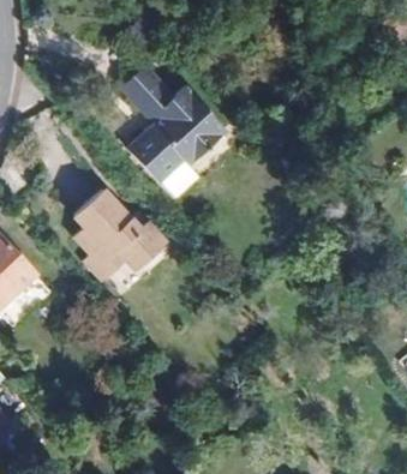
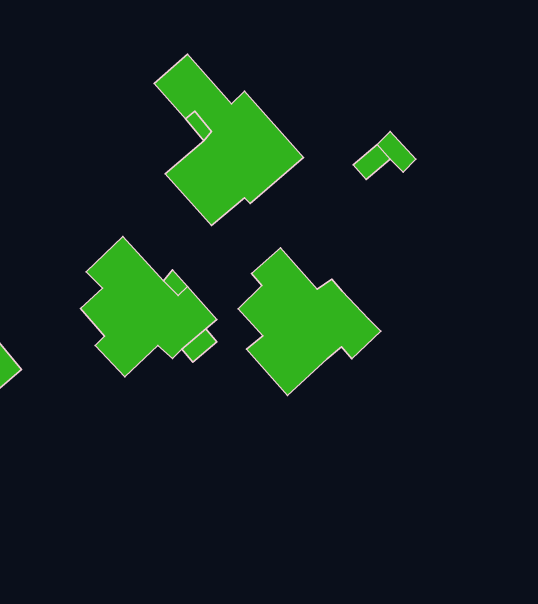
building: none -> [238,248,381,395]

